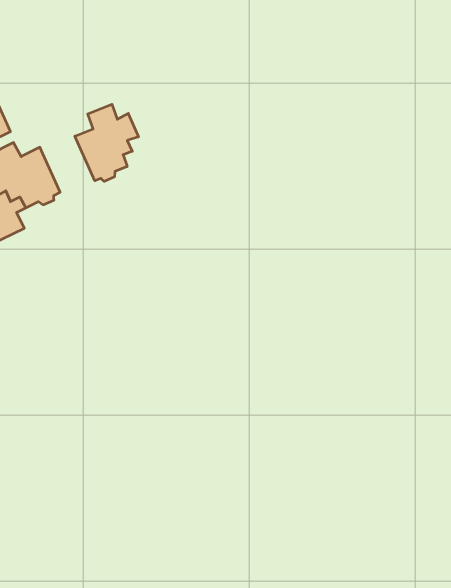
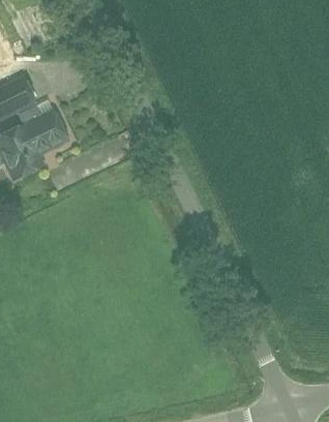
building: [75,104,138,181] -> none

